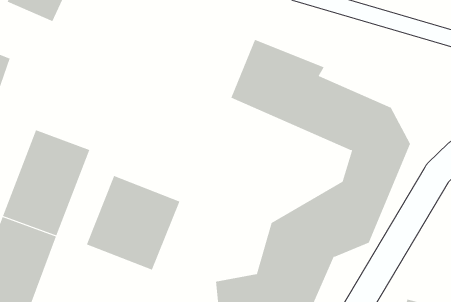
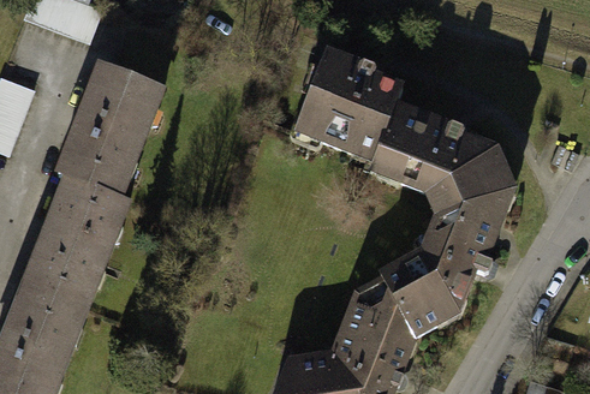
building: none -> [56,65,166,198]
building: [86,175,180,271] -> none

